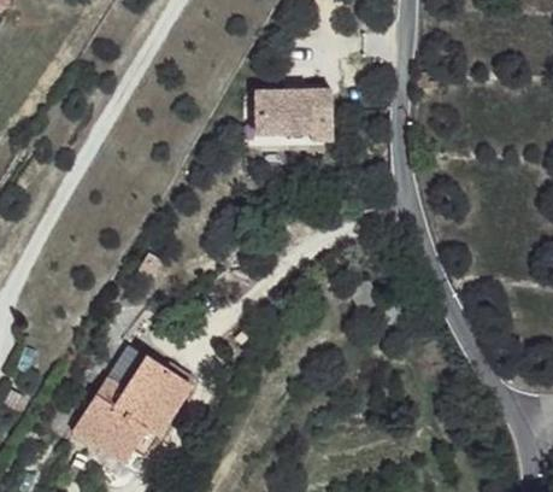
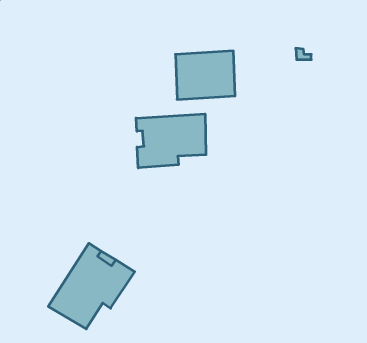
building: none -> [136,114,206,168]

